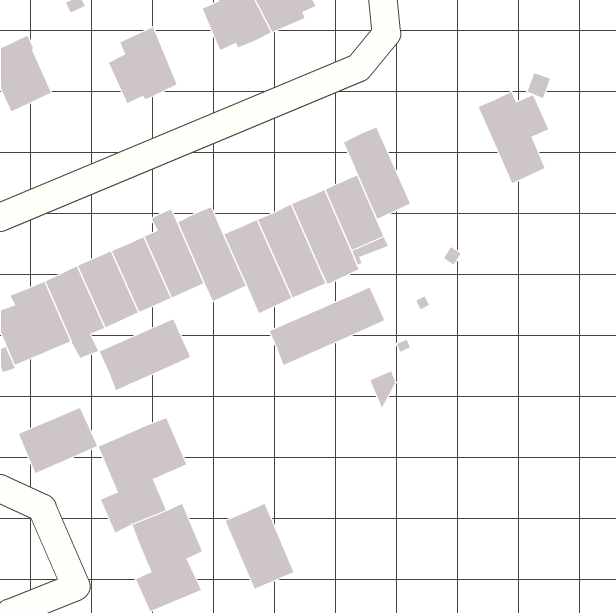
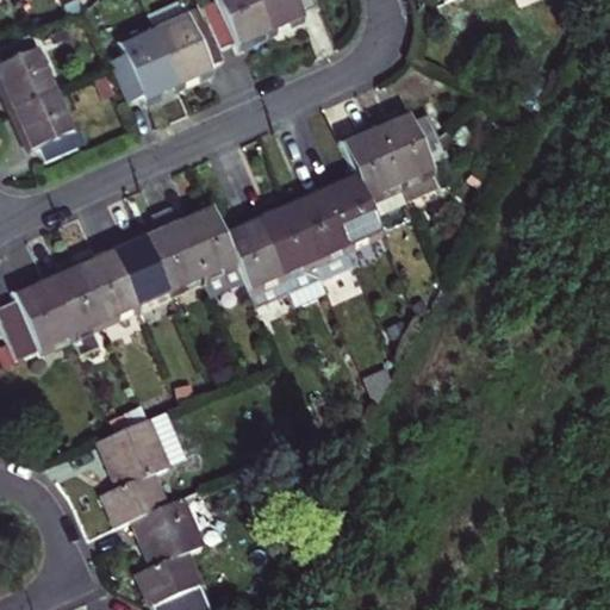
building: none -> [152,6,223,83]
building: [478,91,549,184] -> [373,110,443,201]
building: none -> [12,92,87,162]
building: [269,287,385,366] -> none
building: [99,319,191,391] -> none
building: [18,407,98,474] -> none
building: [225,503,294,590] -> none

